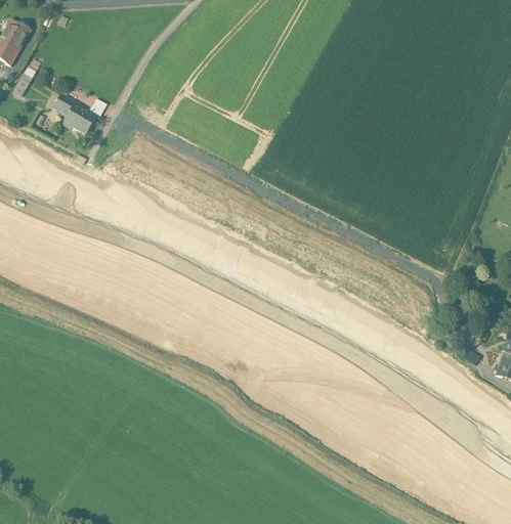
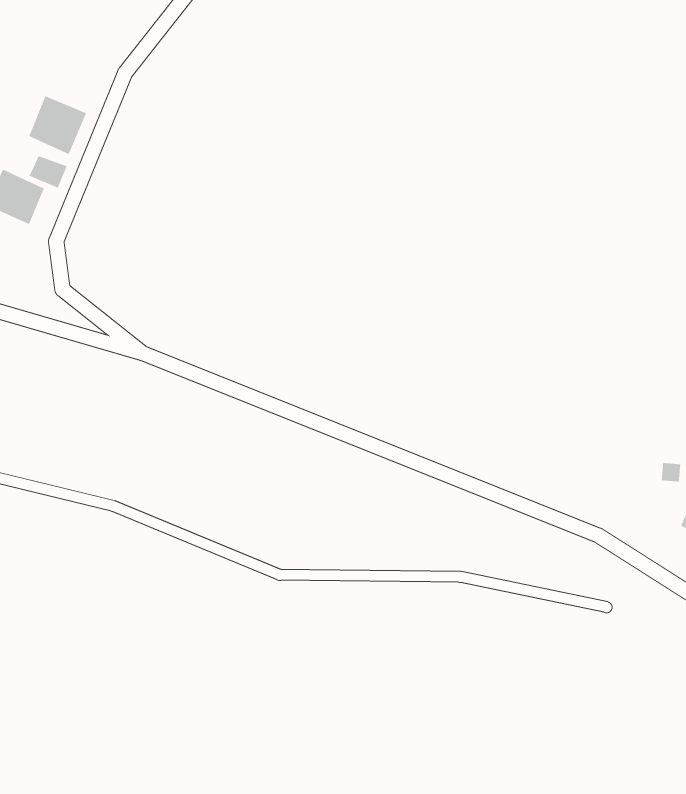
building: none -> [28,95,87,155]

